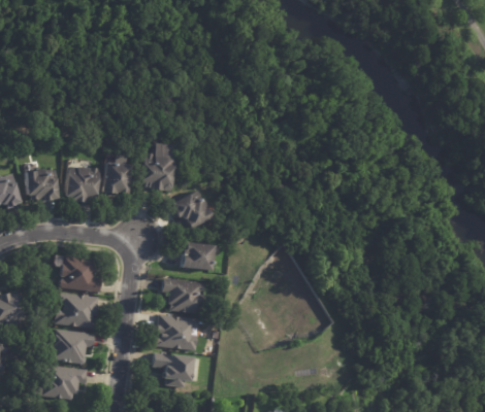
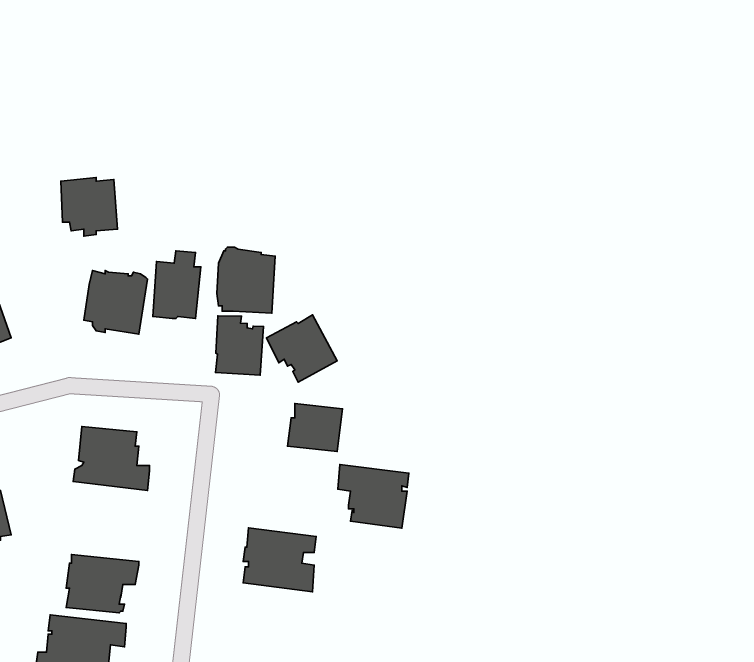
building: [25,169,58,203] -> [61,178,117,236]
building: none -> [216,316,263,375]
building: [161,277,202,314] -> [338,464,409,528]
building: [55,293,99,329] -> none
building: [154,352,193,387] -> none

